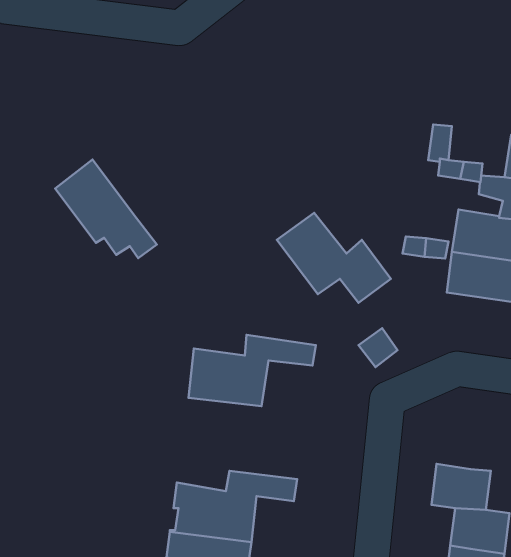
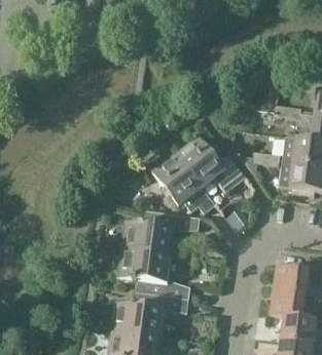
building: [55,160,157,258] -> [154,153,216,212]
building: none -> [119,248,191,298]
building: none -> [274,263,311,292]

